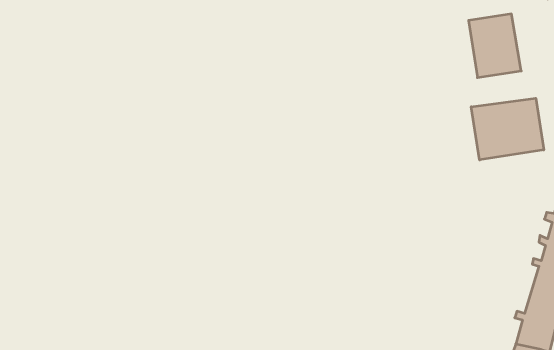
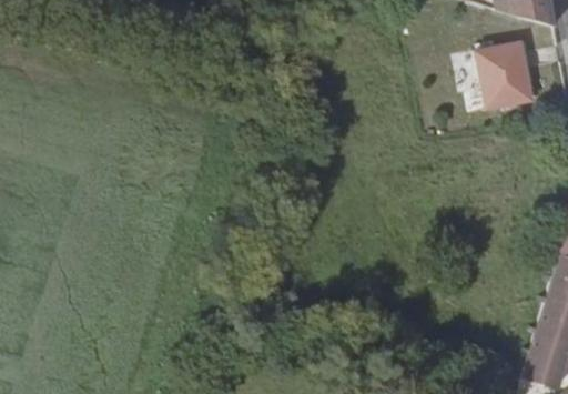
building: [471,98,544,160] -> none

